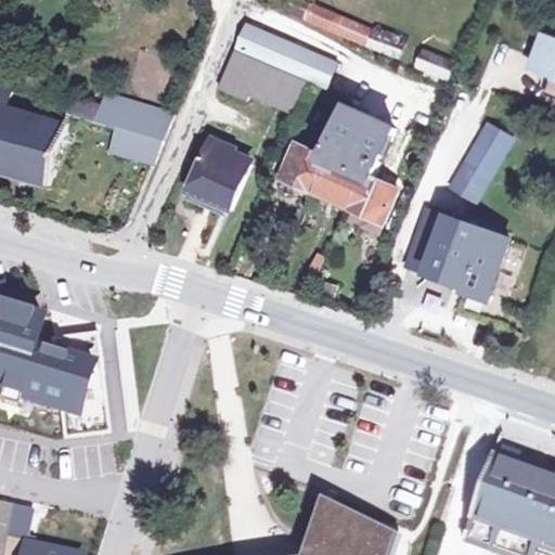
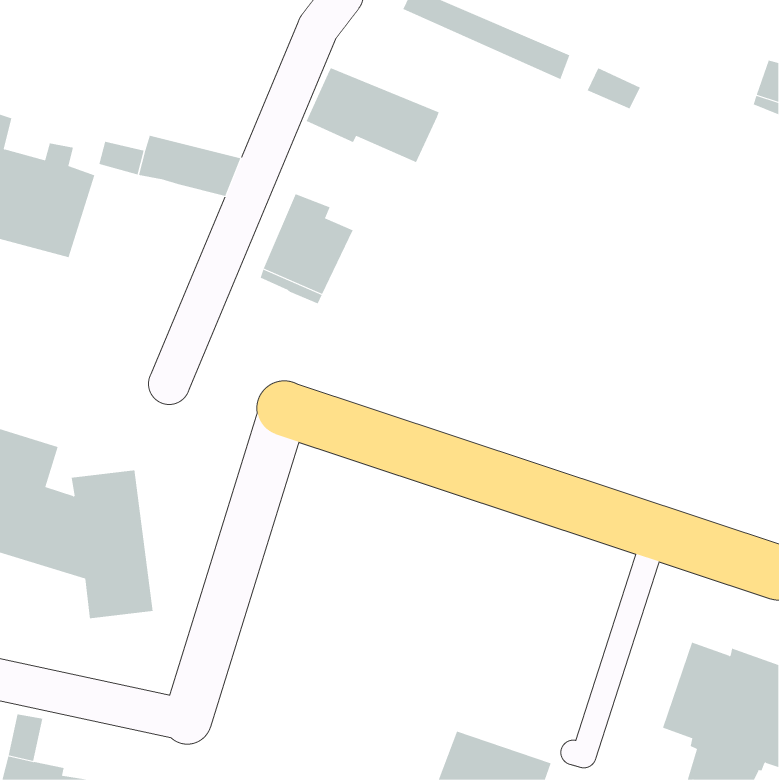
building: [233,20,339,87] -> none
building: [281,106,396,234] -> none
building: [447,122,507,198] -> none
building: [107,127,159,162] -> none
building: [404,208,507,299] -> none

